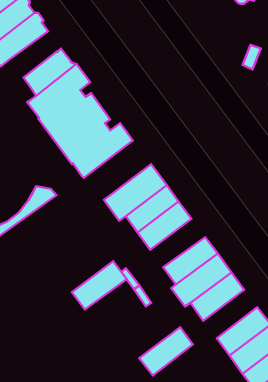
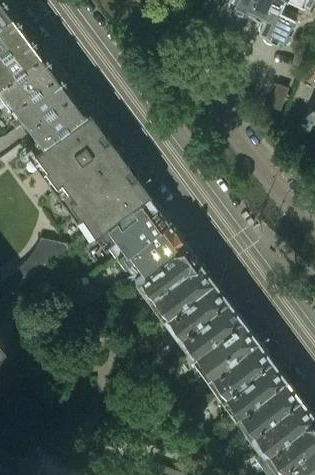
building: none -> [7,76,69,135]
building: none -> [93,196,167,262]
building: [72,261,127,309] -> [166,282,226,335]
building: [139,327,193,375] -> [224,360,283,413]

